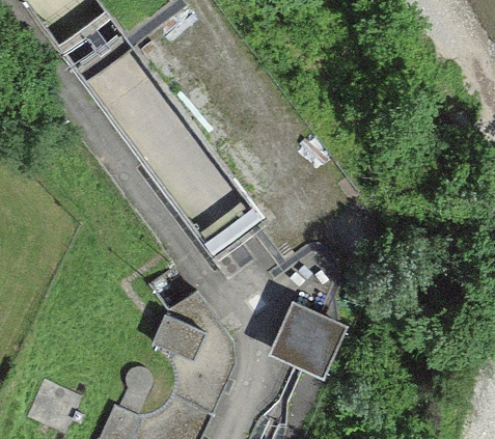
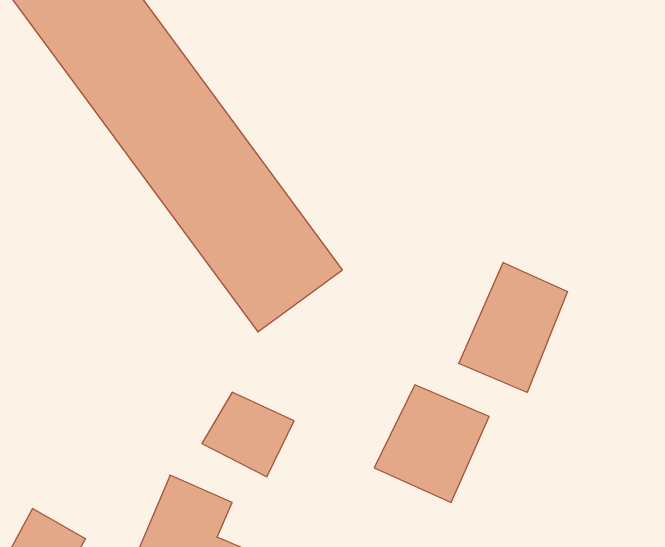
building: none -> [459,262,568,392]

